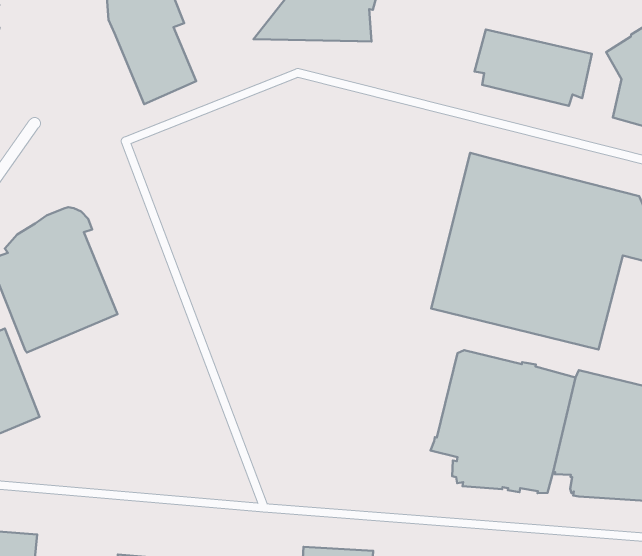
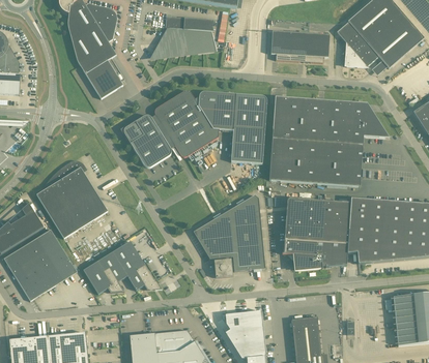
building: none -> [123,89,266,167]
building: none -> [194,193,265,276]
building: none -> [83,240,156,293]

